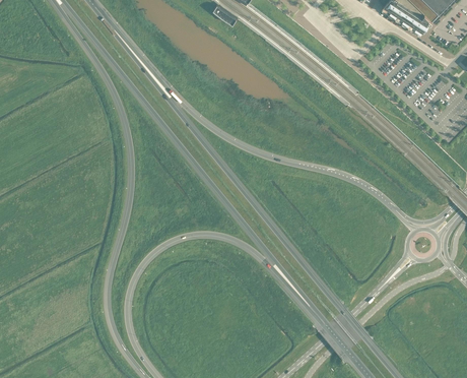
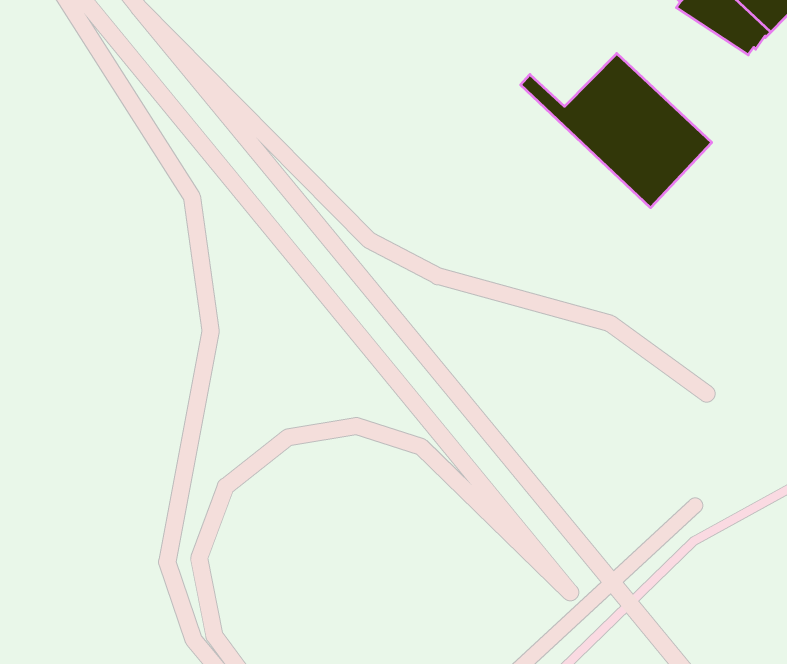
building: none -> [521,53,712,208]

